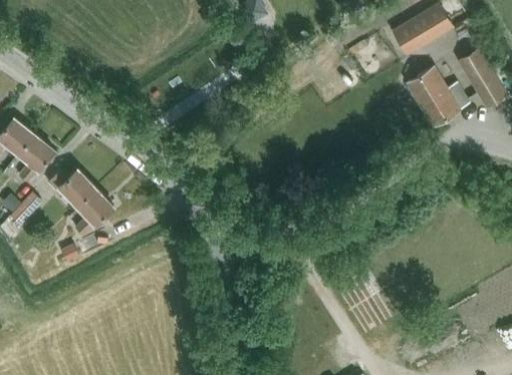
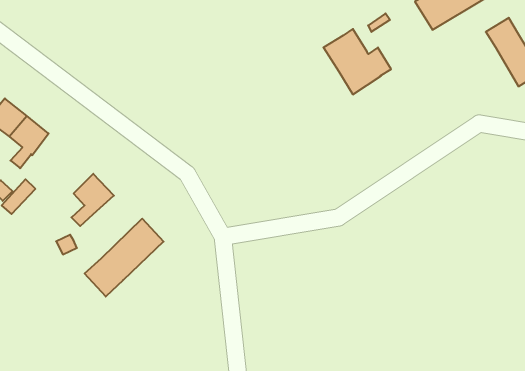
building: [407,67,469,127] -> [323,29,391,94]
building: [48,170,95,207] -> none
building: none -> [85,219,164,297]

